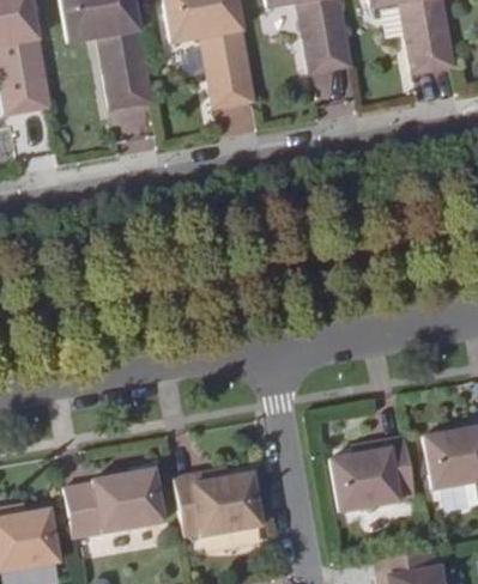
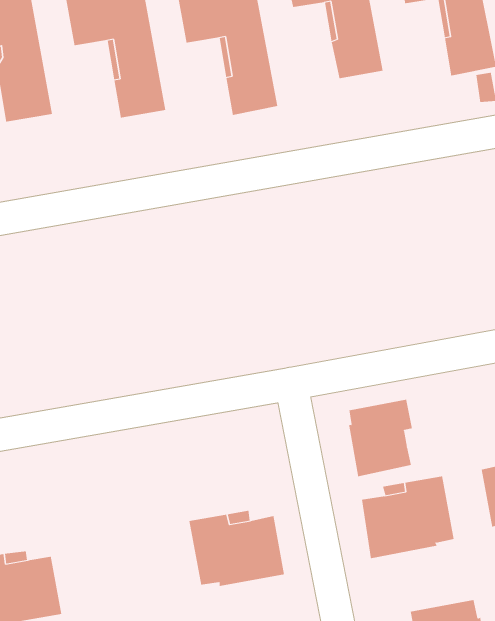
building: none -> [348,399,413,477]
building: [65,469,164,537] -> none

